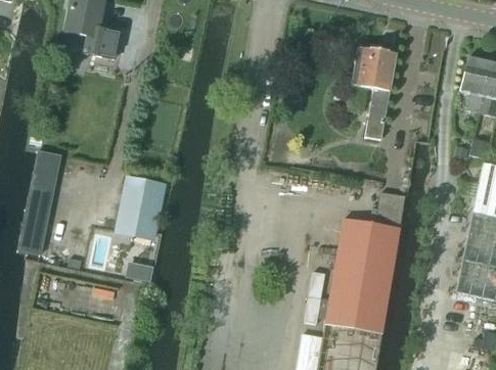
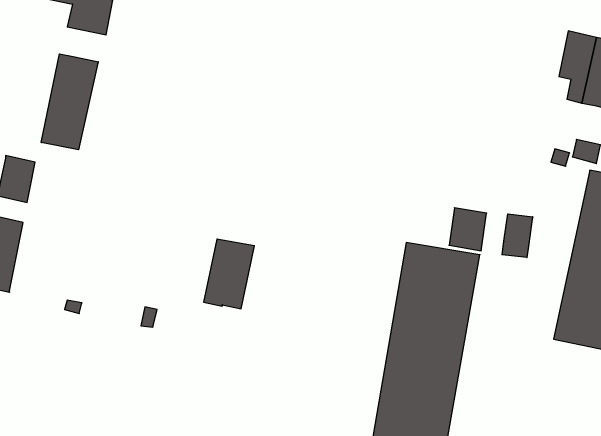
building: [351,45,395,138] -> none
building: none -> [41,54,98,150]
building: [126,179,165,232] -> [204,239,254,309]
building: none -> [502,214,533,258]

